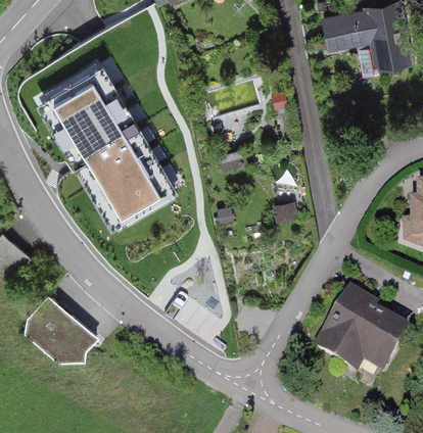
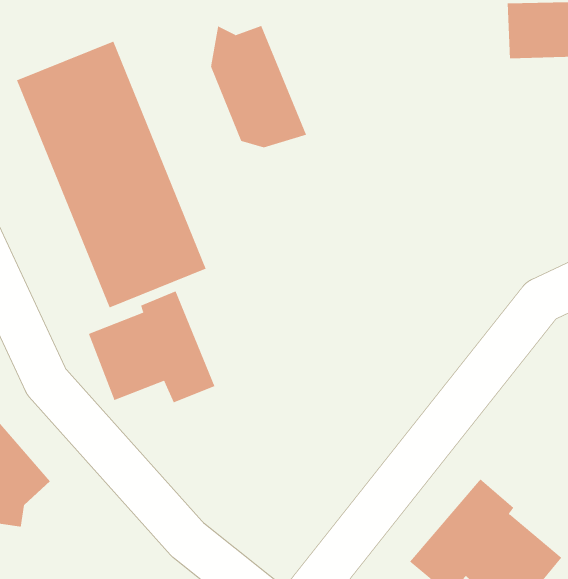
building: none -> [211,25,307,148]
building: none -> [88,290,215,403]

